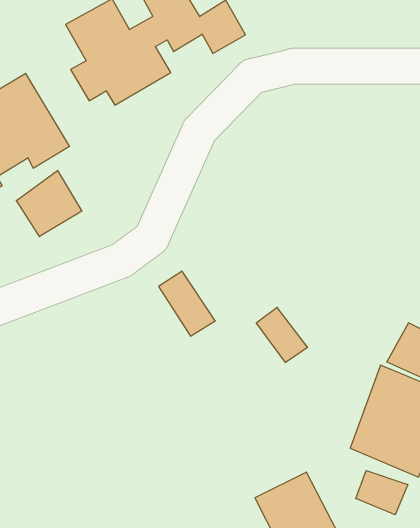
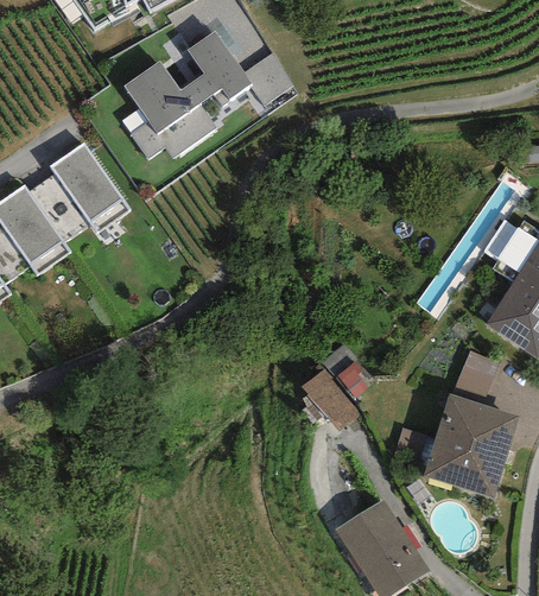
building: [16,170,82,237] -> none
building: [159,271,215,336] -> [302,368,359,430]
building: [356,471,408,515] -> none

